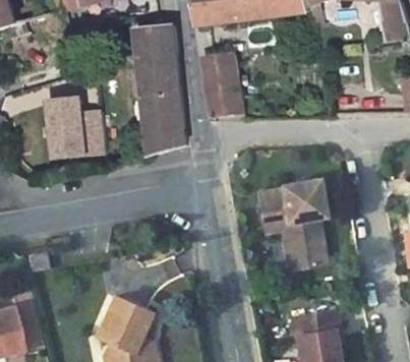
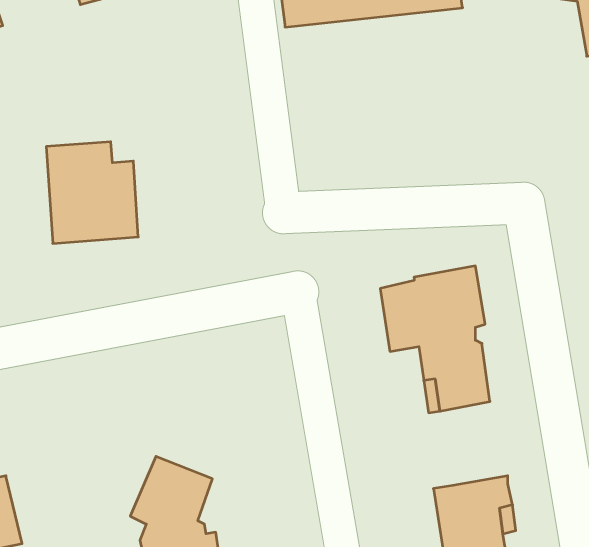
building: [135,23,186,146] -> none
building: [202,51,242,116] -> none

